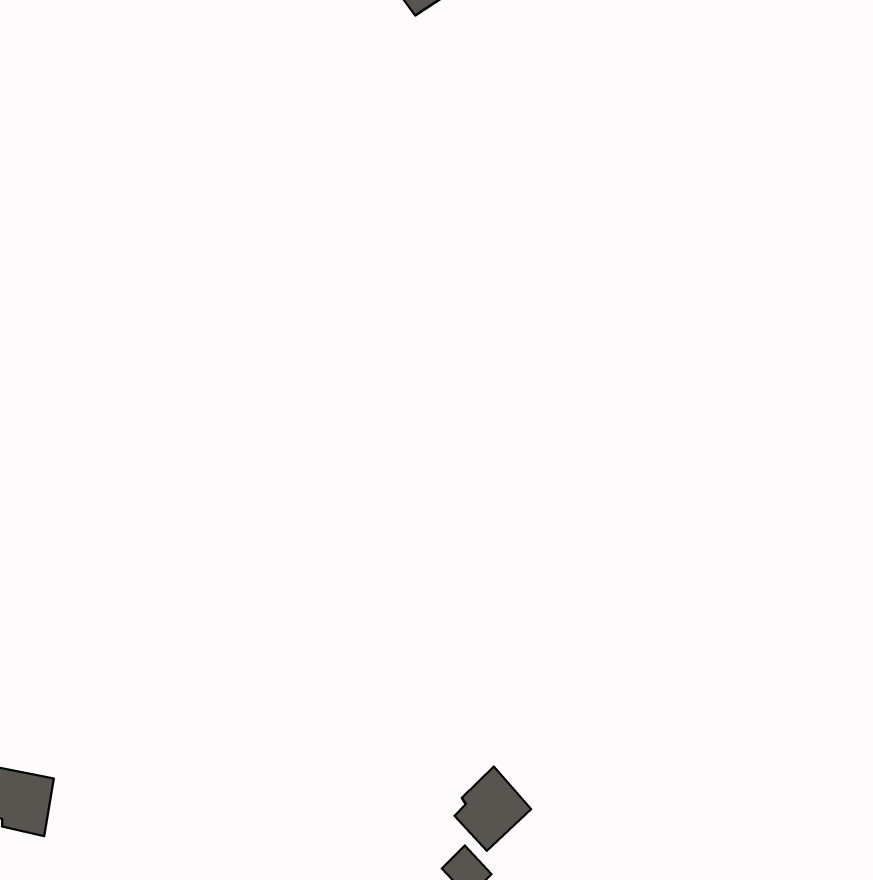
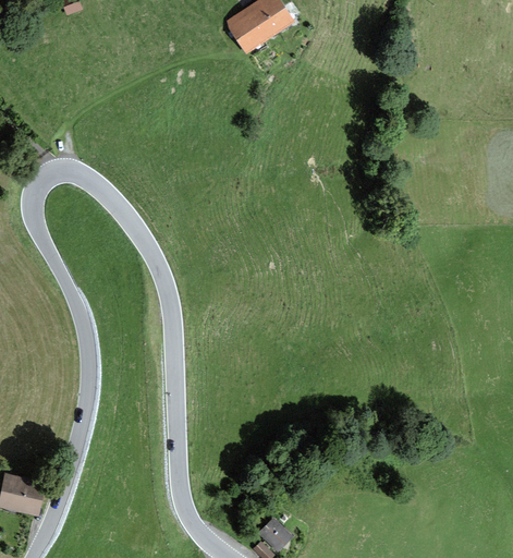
building: [454,766,531,851] -> none

